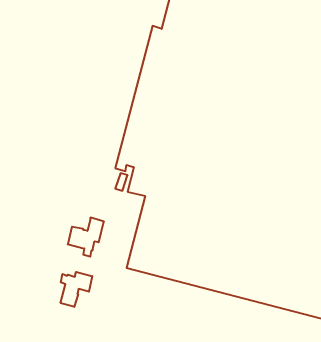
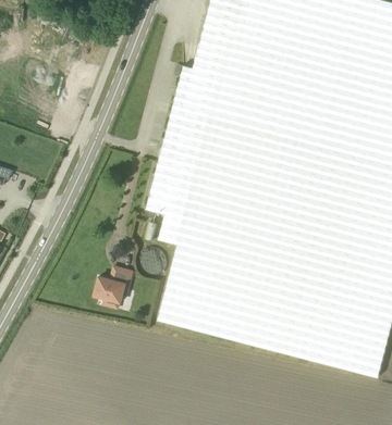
building: [61,272,92,307] -> none

